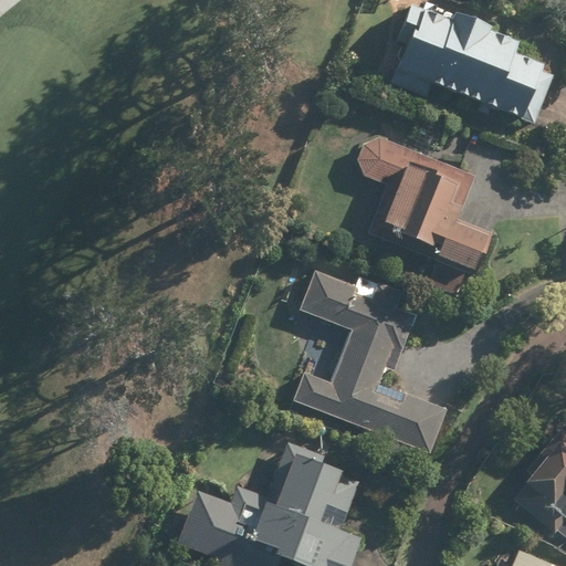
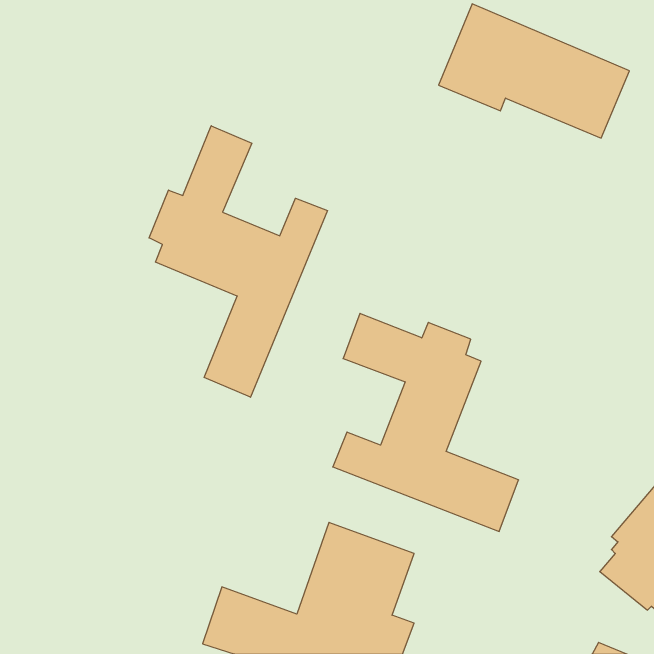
building: none -> [149,126,327,397]
building: [358,134,489,270] -> none

